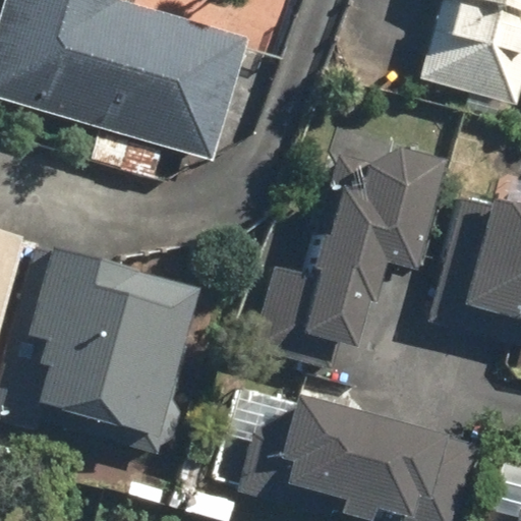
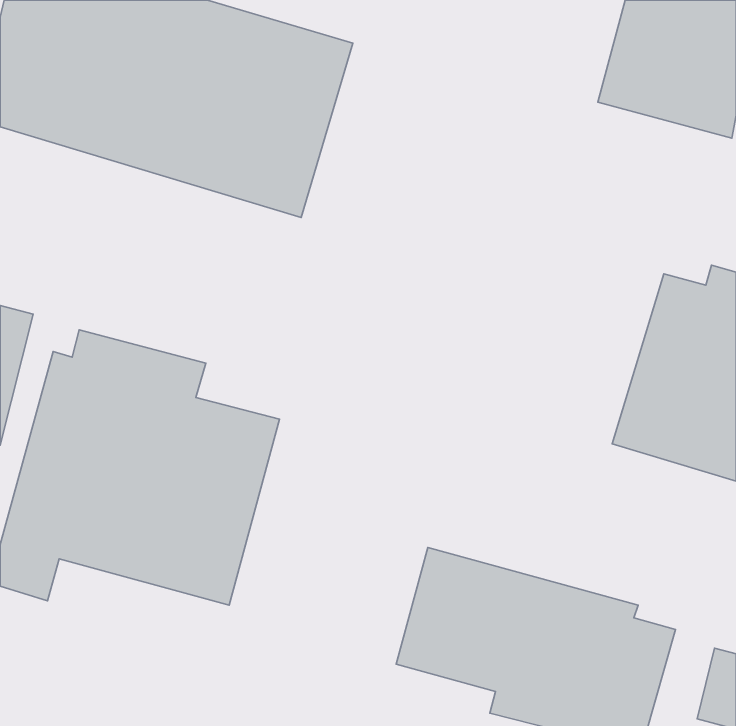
building: [252,144,446,372] -> none

